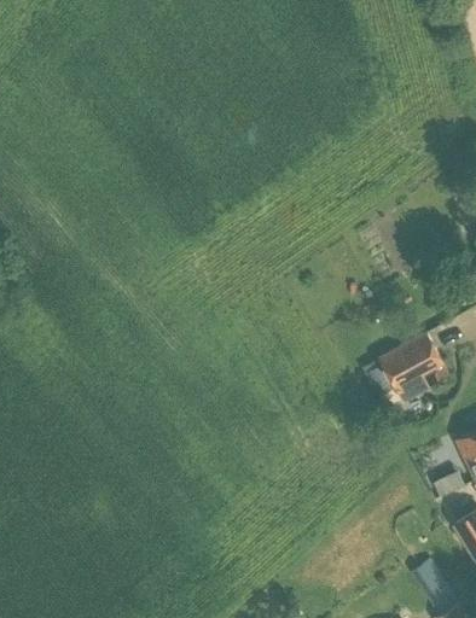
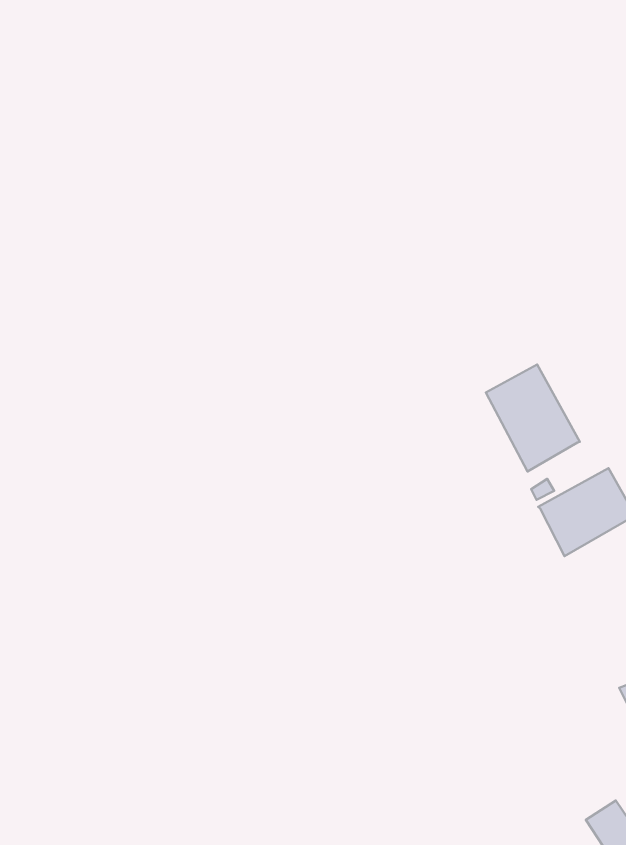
building: none -> [486,364,580,472]

